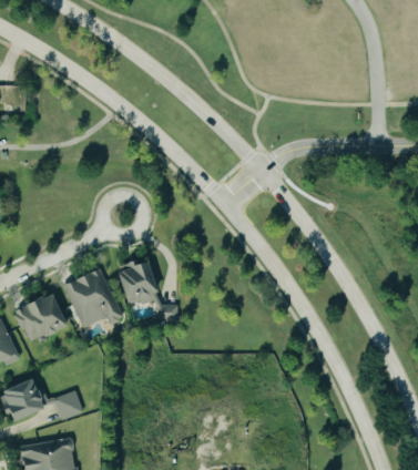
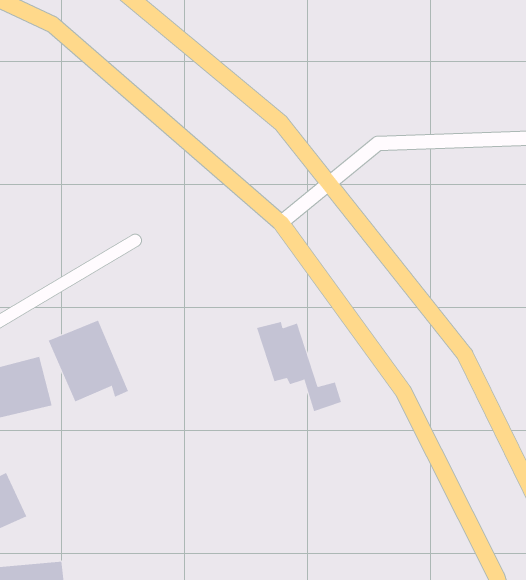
building: [119,260,179,324] -> [256,321,342,412]
building: [52,390,82,420] -> none

